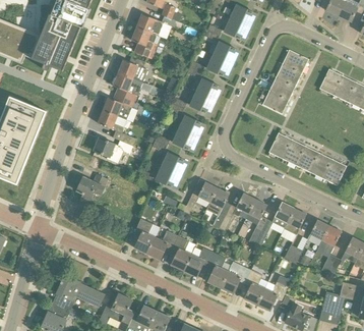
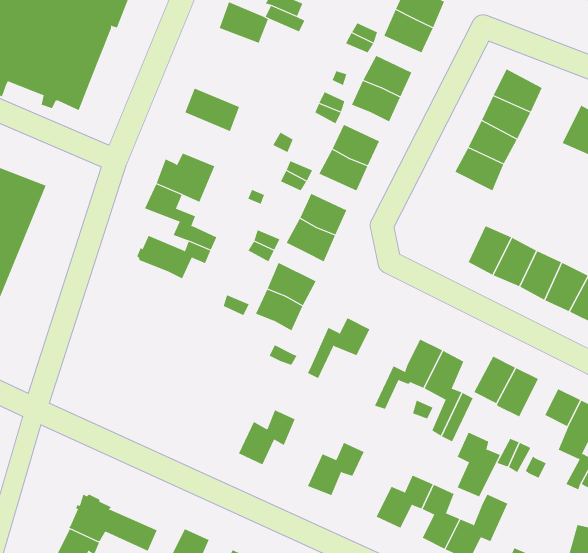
building: [131,26,160,57] -> none
building: [112,71,142,101] -> none
building: [76,172,108,202] -> none
building: [205,186,229,227] -> none
building: [134,217,155,253] -> none
building: [171,234,191,270] -> none
building: [207,252,231,286] -> [457,432,501,497]

